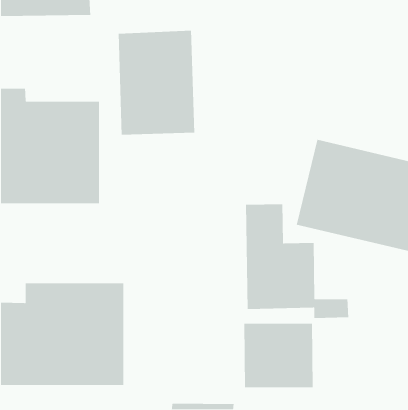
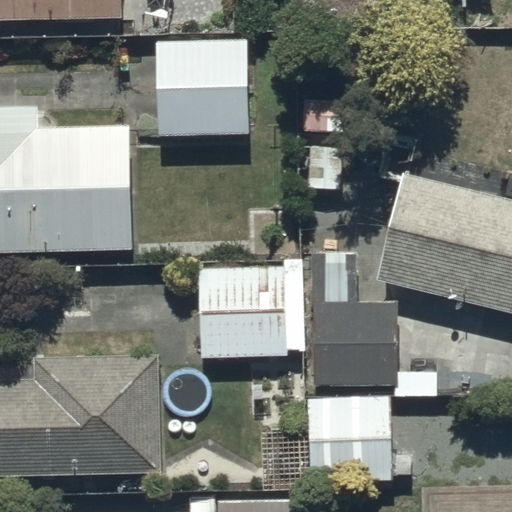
building: none -> [197,267,303,356]

